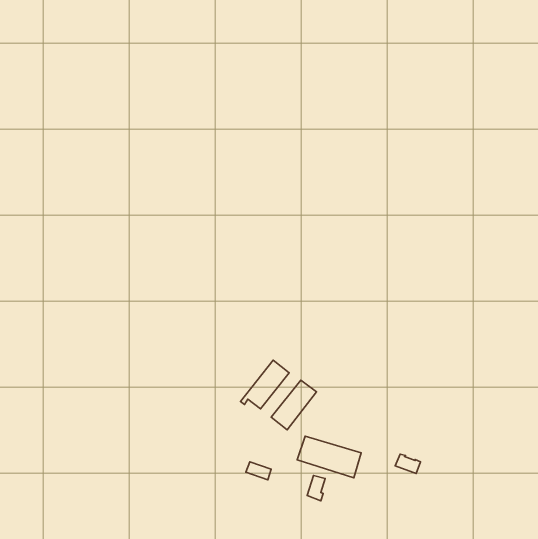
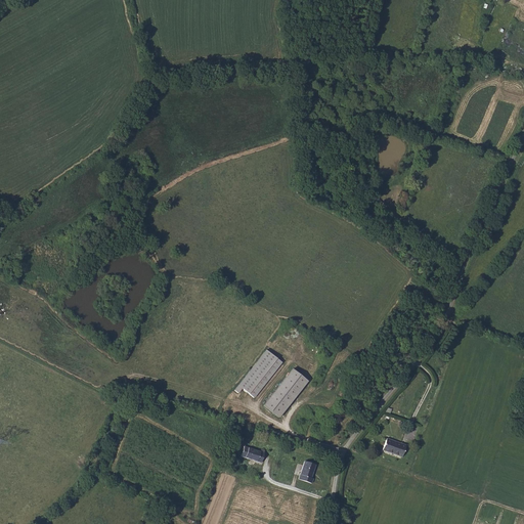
building: [297,436,361,478] -> none

